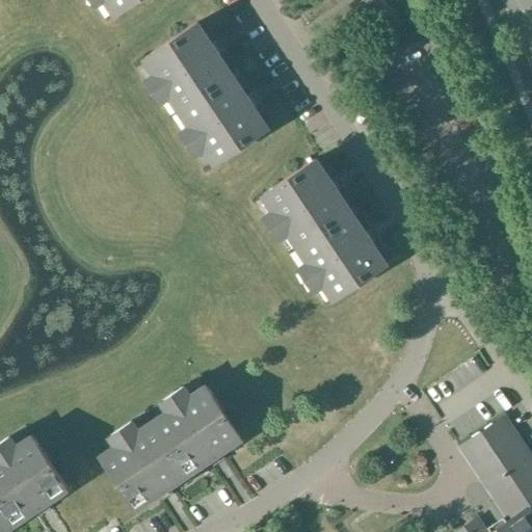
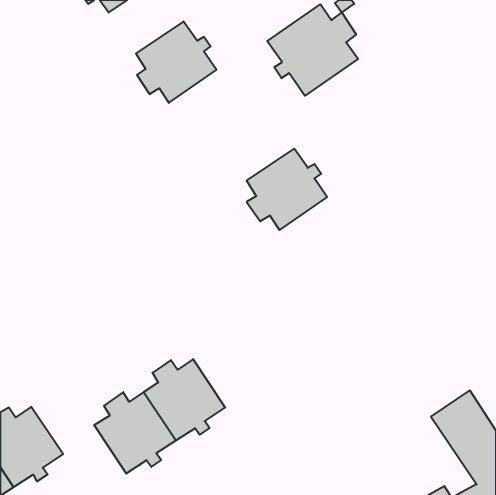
building: none -> [267,4,358,96]
building: [181,76,267,164] -> none
building: [299,212,385,299] -> none

